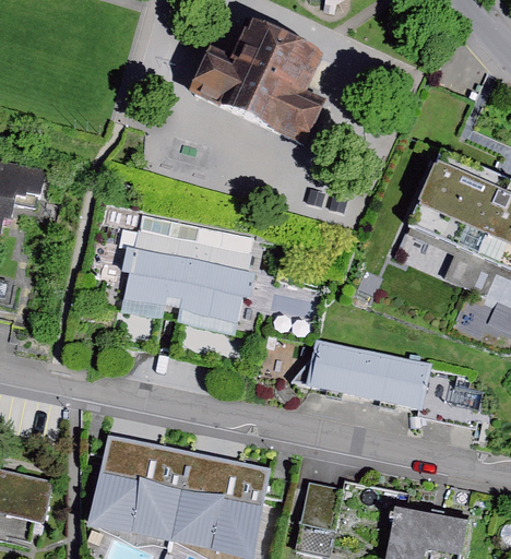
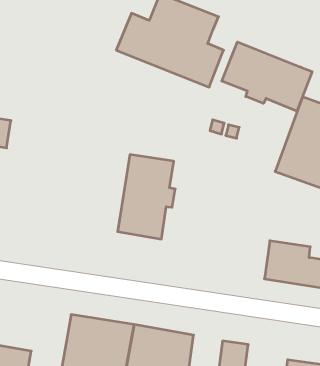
building: none -> [222,42,312,111]
building: [120,214,199,324] -> none
building: [309,338,379,401] -> none

